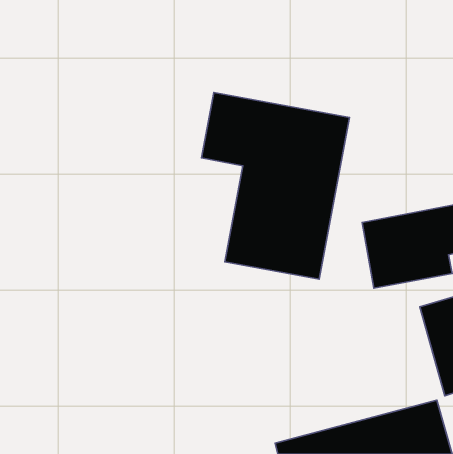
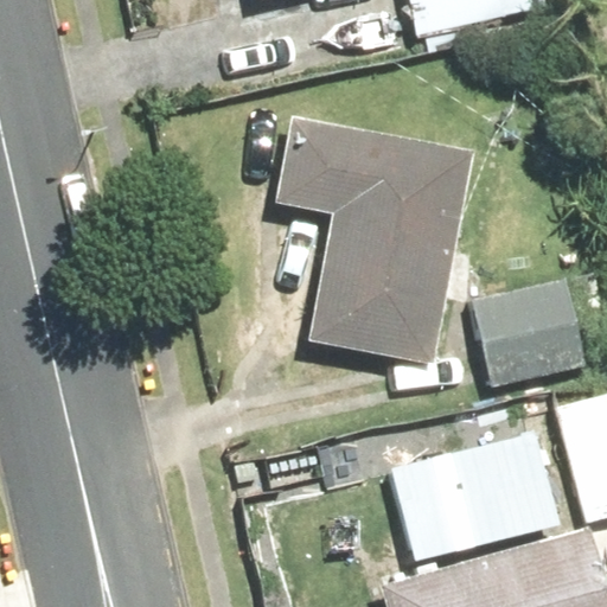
building: none -> [404,433,573,557]

